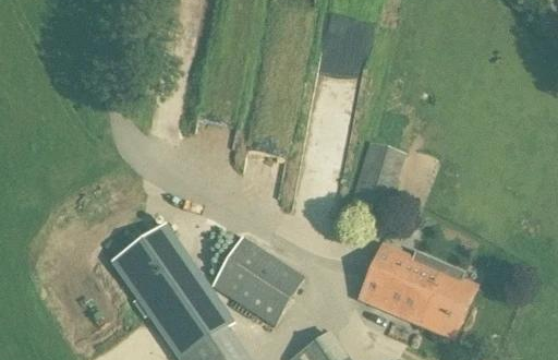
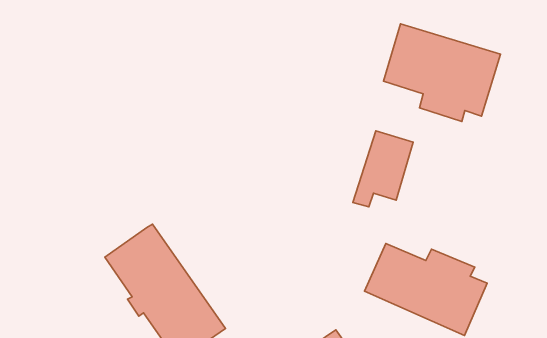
building: none -> [384,24,501,122]
building: [210,235,305,327] -> none

